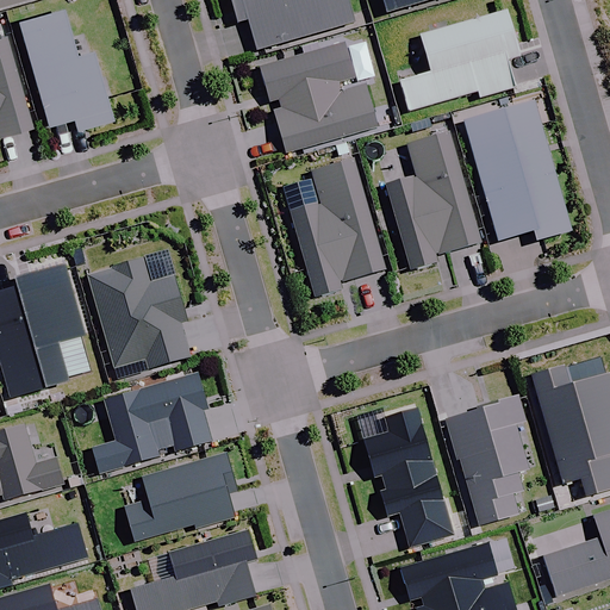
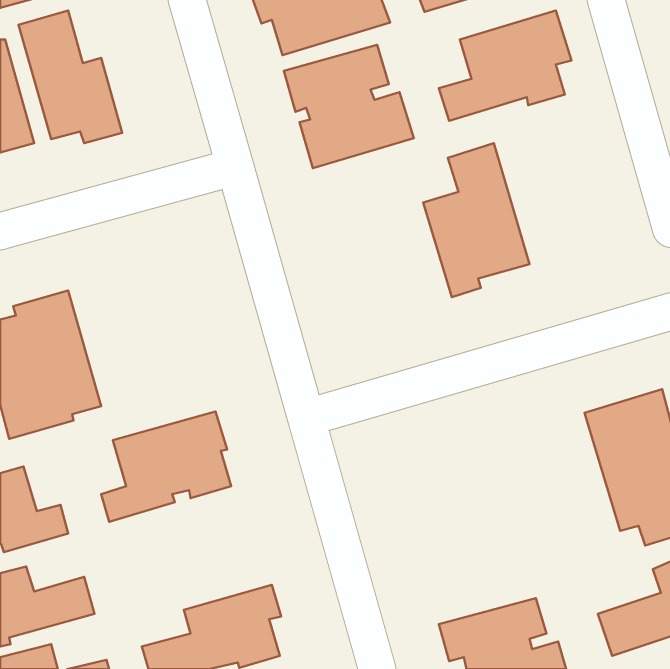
building: [462,99,571,239] -> none
building: [284,158,385,295] -> none
building: [88,257,189,376] -> none
building: [446,394,528,524] -> none
building: [365,407,454,547] -> none
building: [125,452,237,541] -> none

